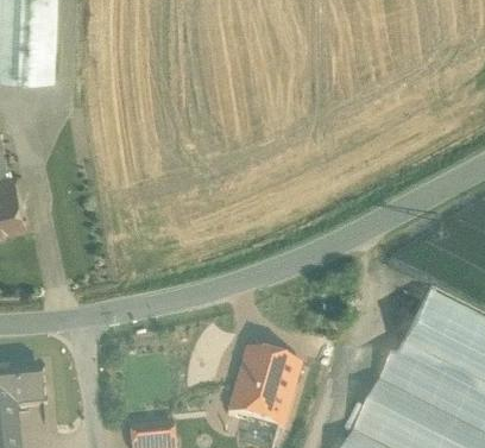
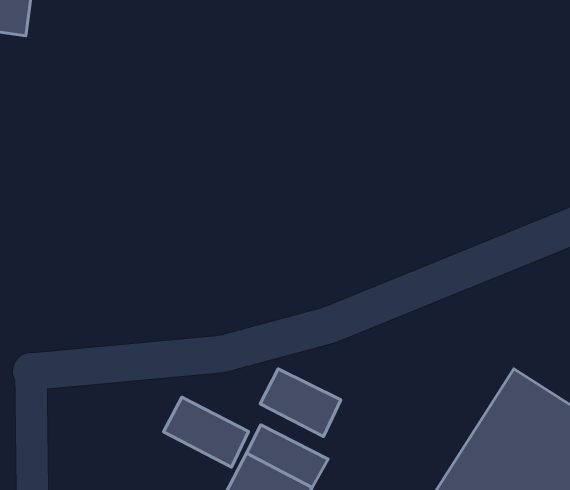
building: none -> [260,369,341,436]
building: none -> [164,397,248,467]

